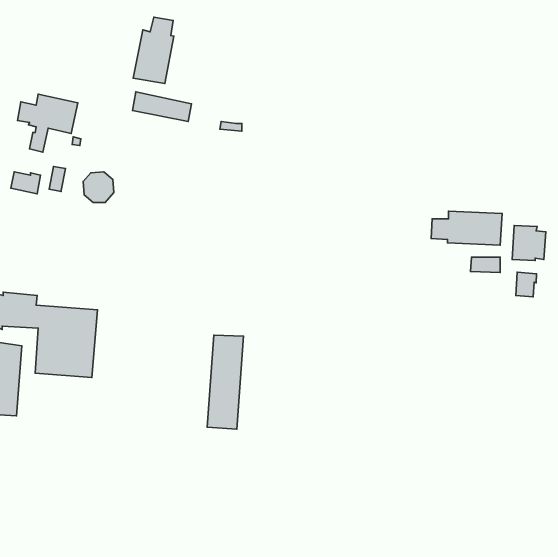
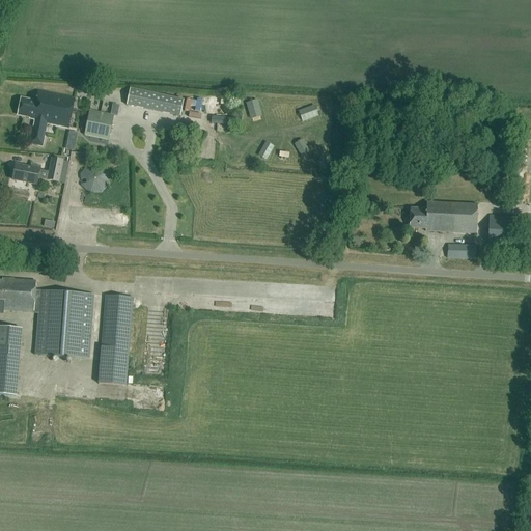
building: [133,17,174,83] -> none
building: none -> [82,109,112,139]
building: [516,272,537,297] -> none
building: [207,335,243,429] -> [97,295,132,384]

